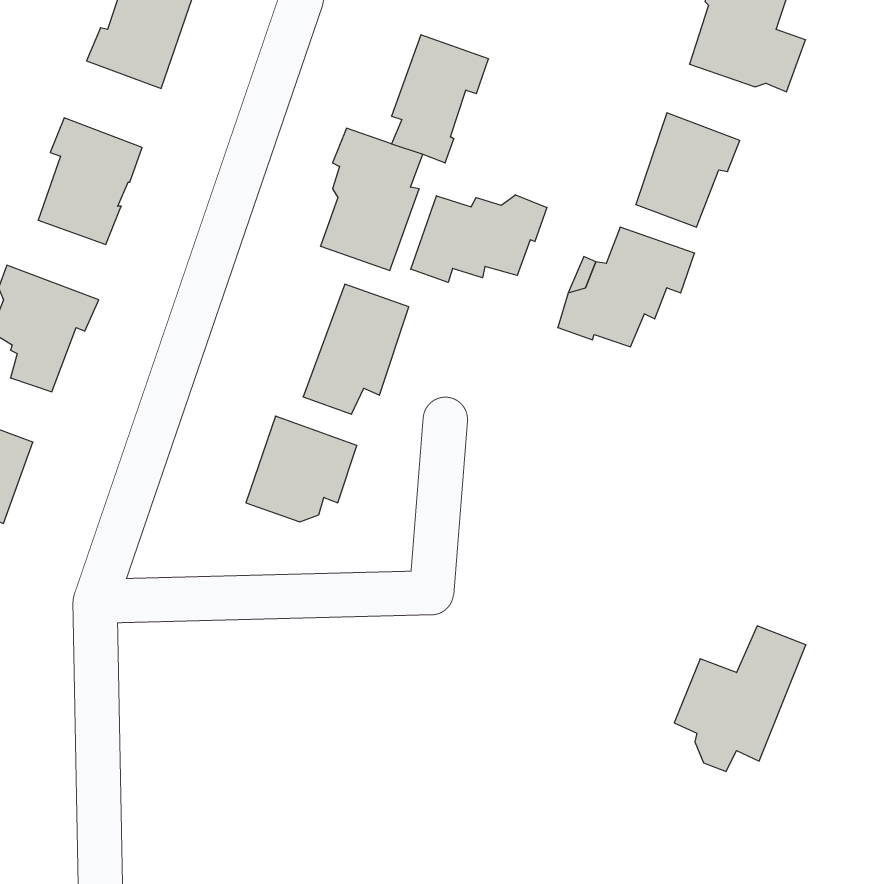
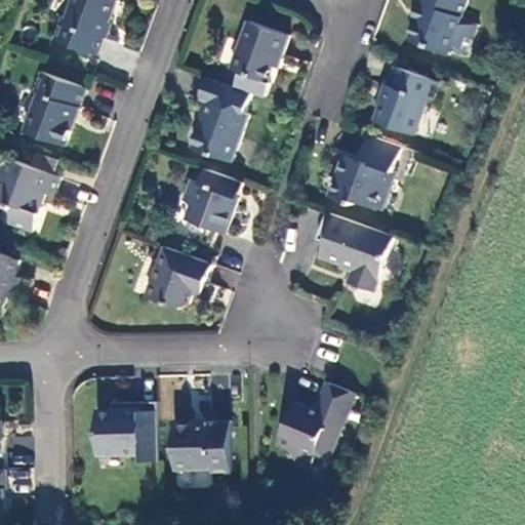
building: [411,195,547,282] -> none
building: none -> [315,211,393,291]
building: [674,626,806,771] -> [278,382,356,469]
building: none -> [96,402,158,461]
building: none -> [172,419,230,472]

